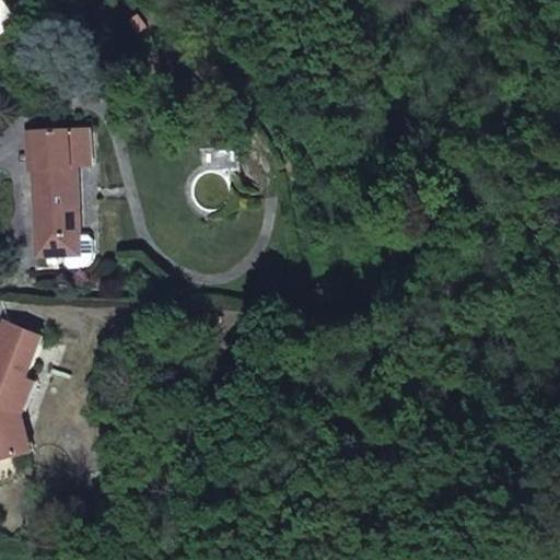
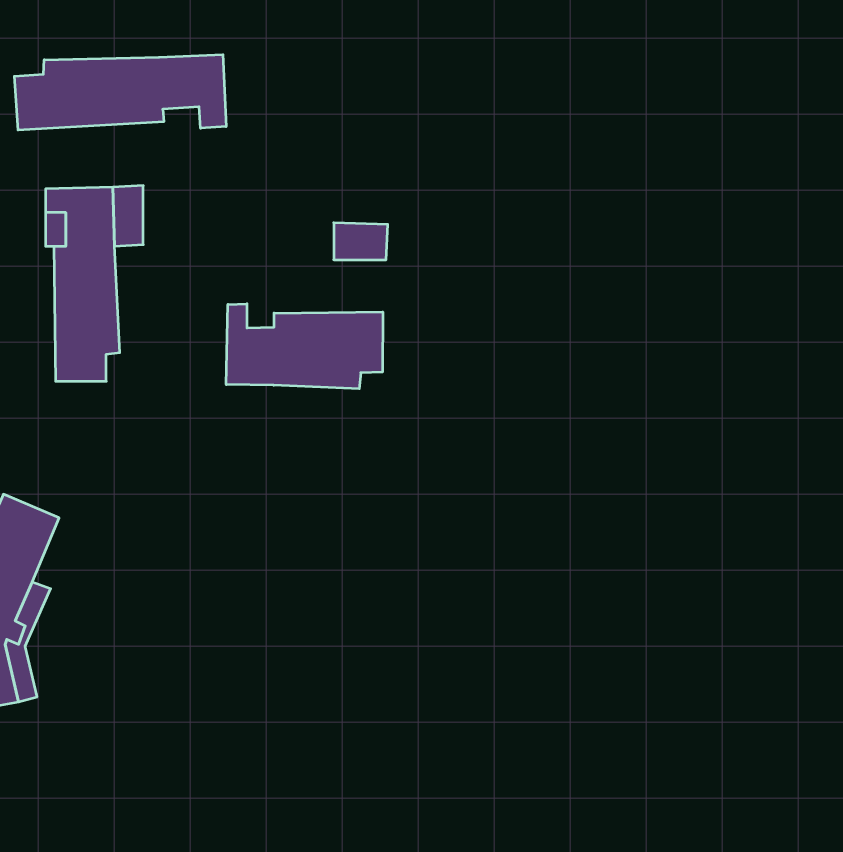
building: none -> [14,55,226,130]
building: none -> [226,304,383,389]

